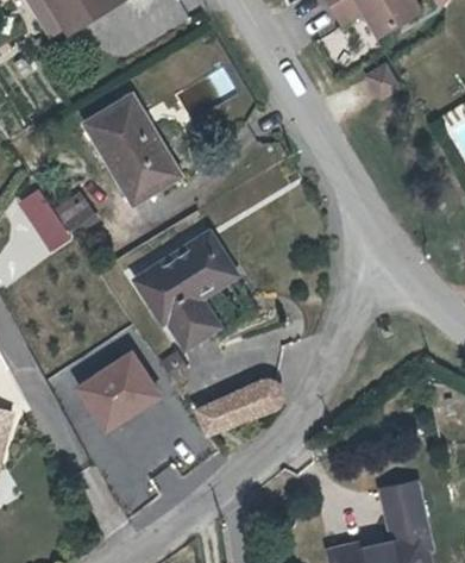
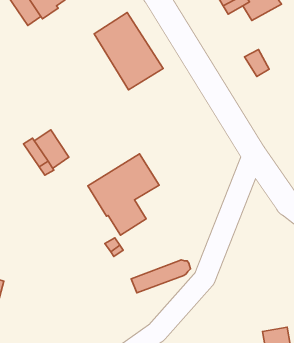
building: [83,95,183,207] -> [94,13,163,90]
building: [77,351,158,427] -> none

